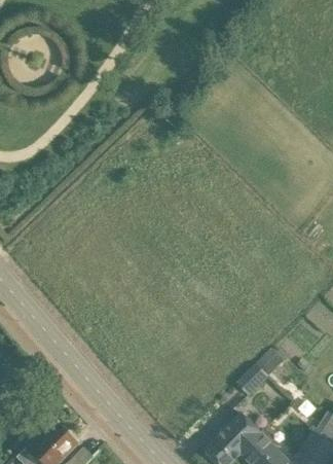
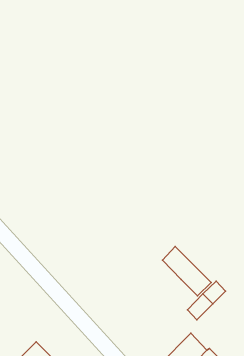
building: none -> [163,247,211,296]

